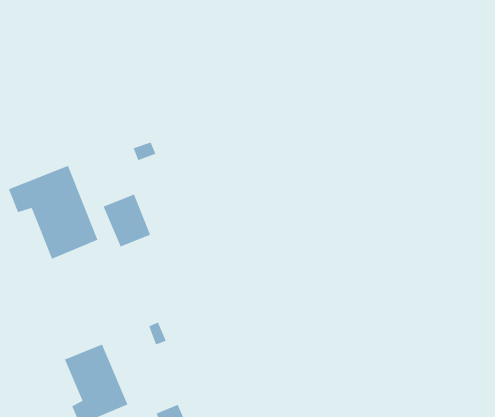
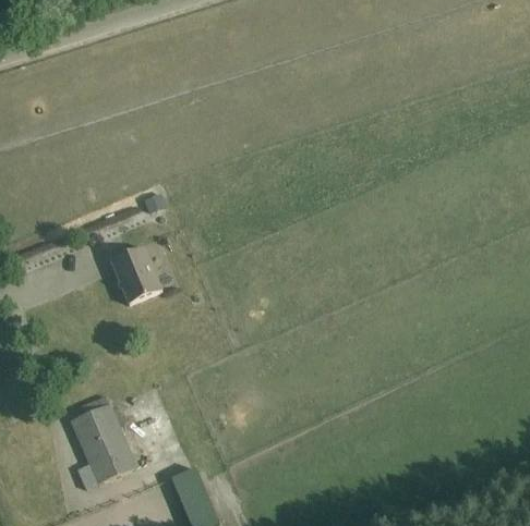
building: [8,165,99,260] -> none

